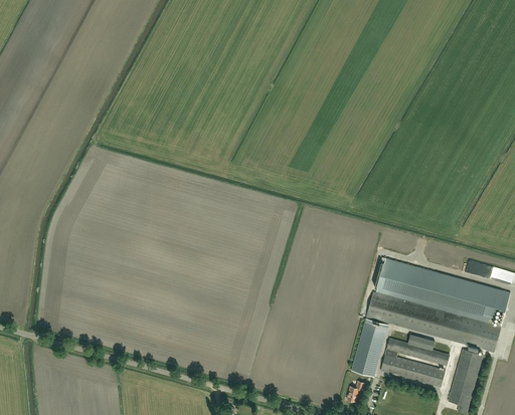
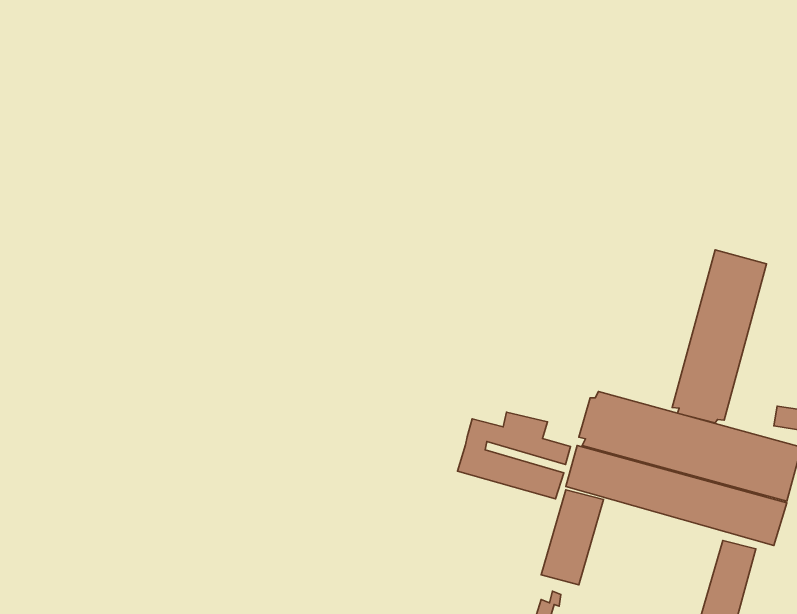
building: none -> [672,250,767,423]
building: [379,334,449,387] -> [457,412,570,499]

